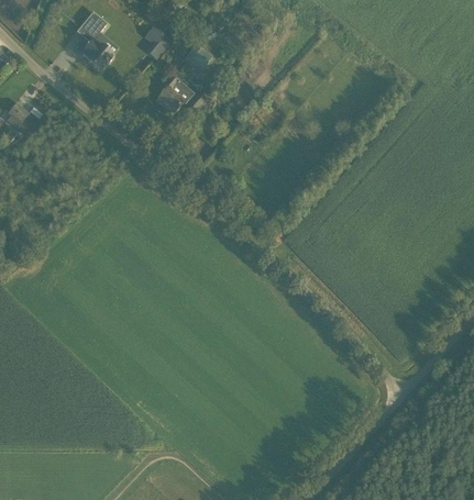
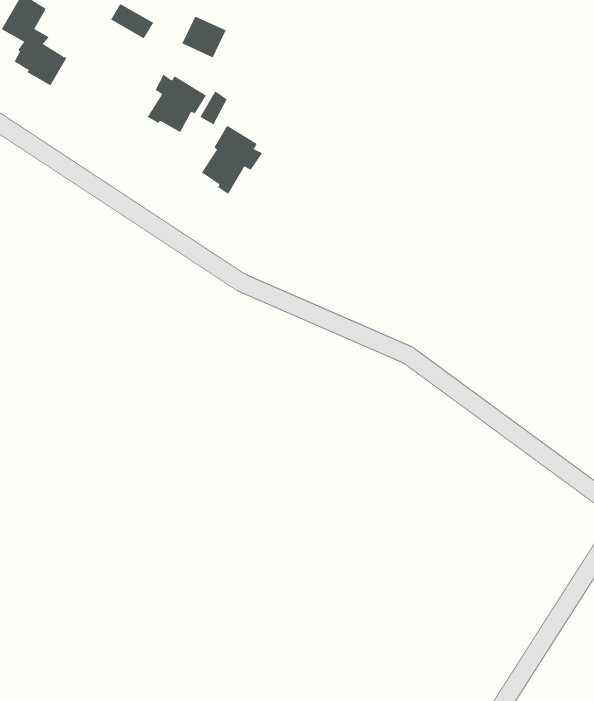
building: none -> [201,125,263,195]

